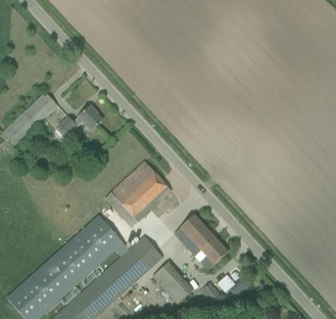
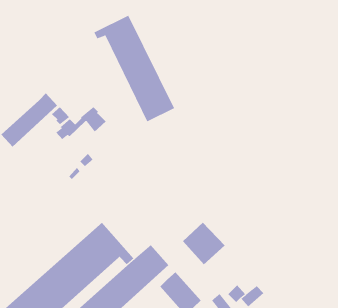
building: none -> [93,15,175,122]
building: [105,161,172,227] -> none
building: [195,237,228,270] -> none

